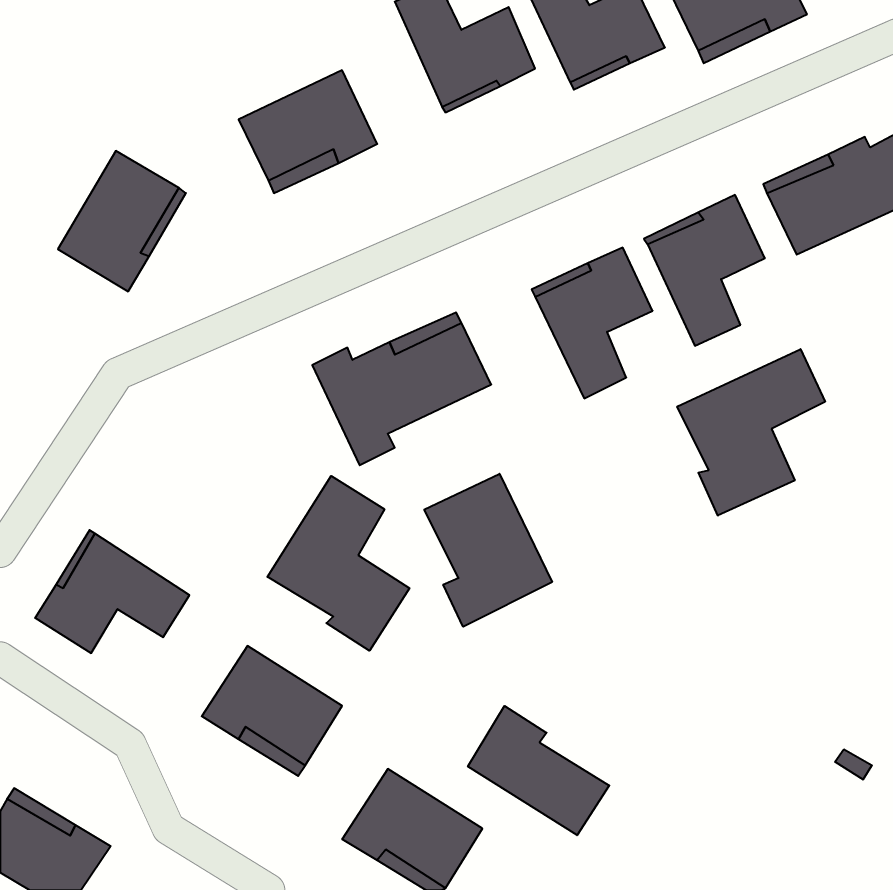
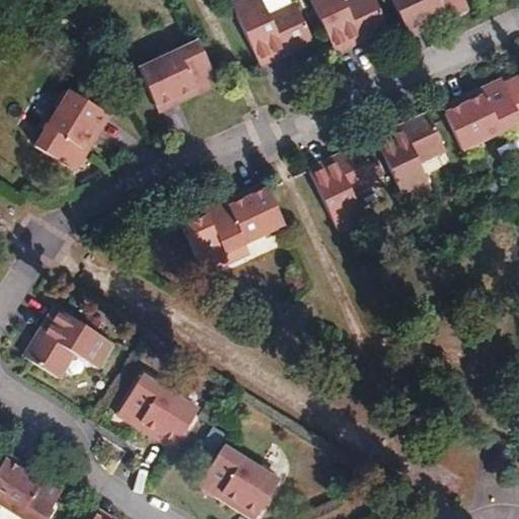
building: [677,349,825,516] -> none
building: [424,474,552,627] -> none
building: [267,476,409,651] -> none
building: [468,706,609,835] -> none

